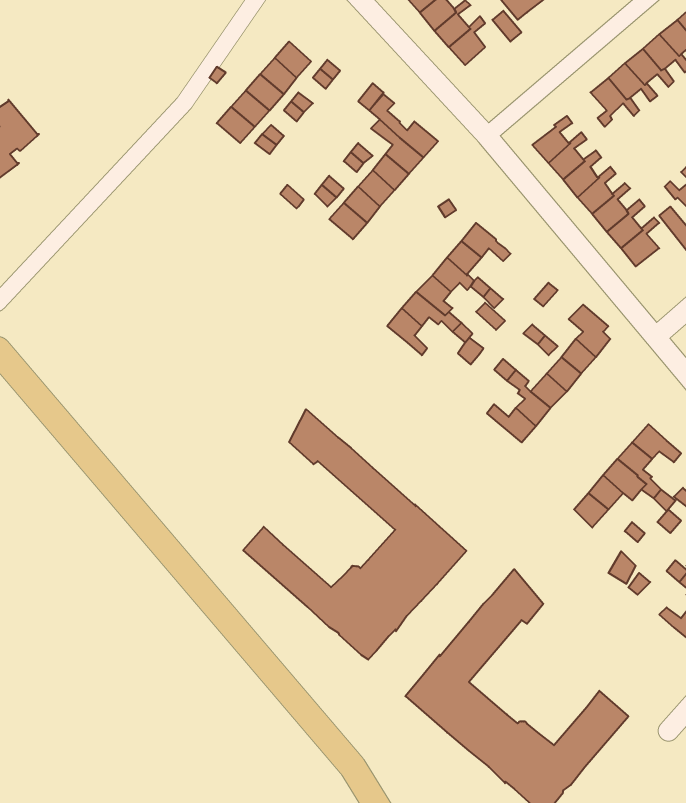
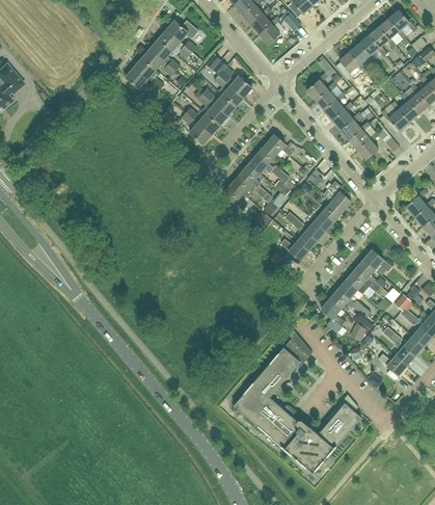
building: none -> [167,20,199,42]
building: [243,409,466,660] -> none
building: none -> [321,298,346,333]

